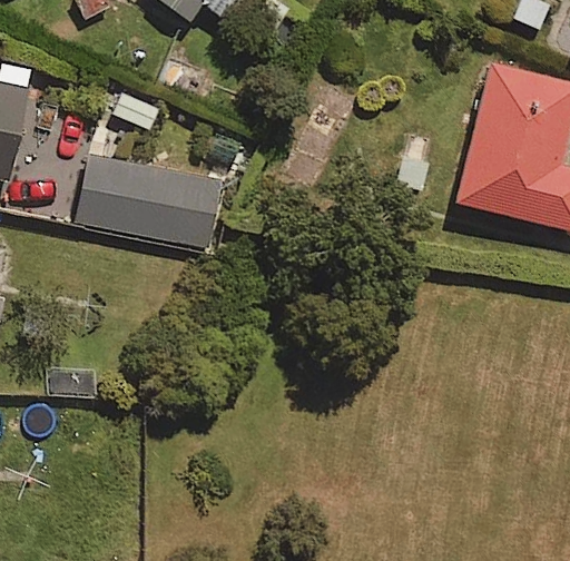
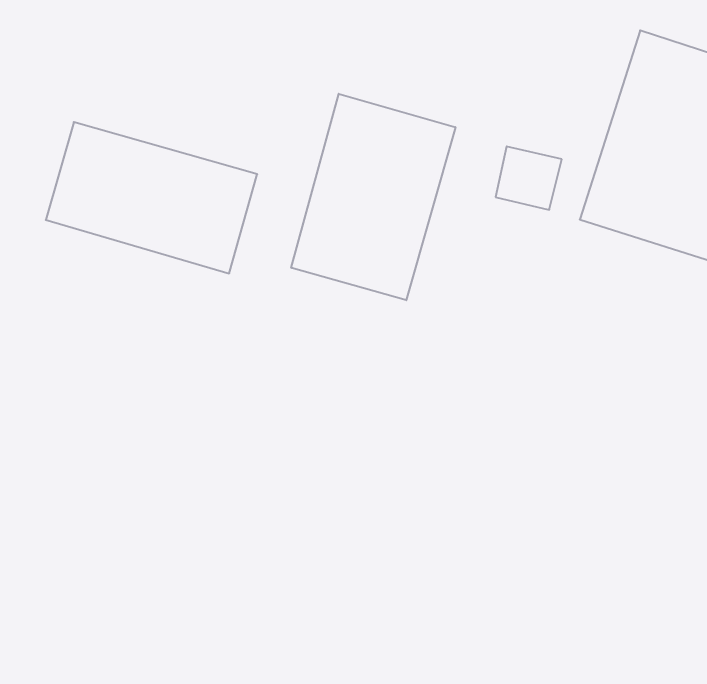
building: none -> [291,94,455,300]

